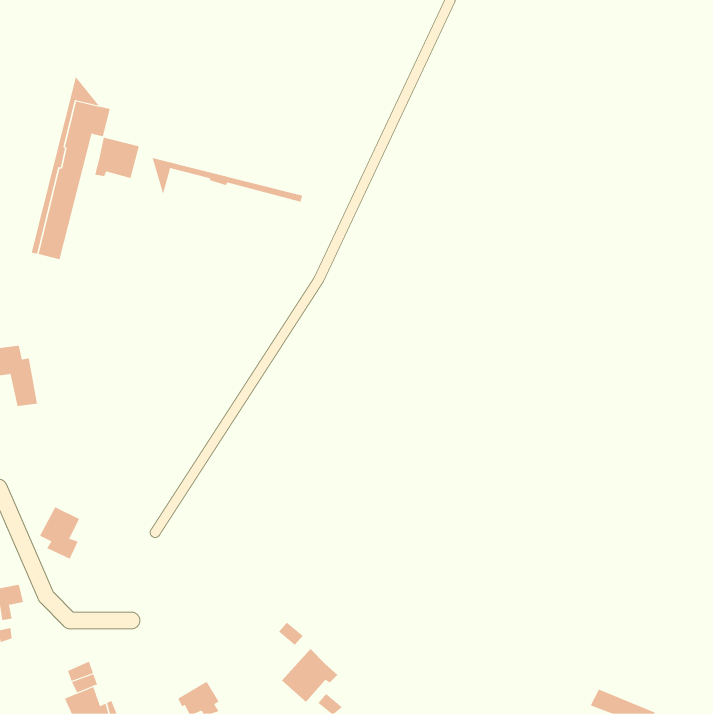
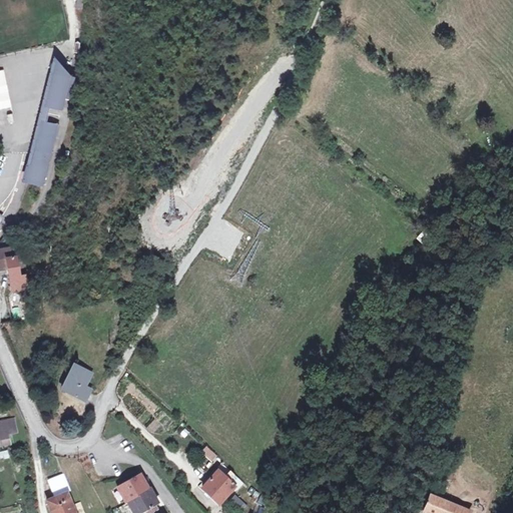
building: [95,137,139,179] -> none
building: [152,157,303,203] -> none
building: [39,506,80,559] -> [62,364,91,402]
building: none -> [118,474,147,501]

